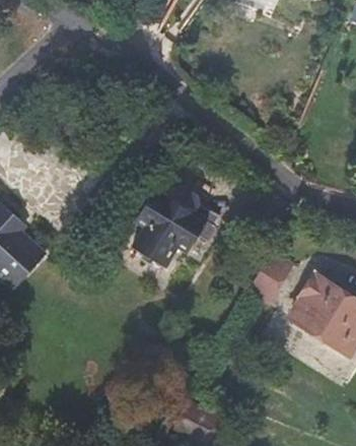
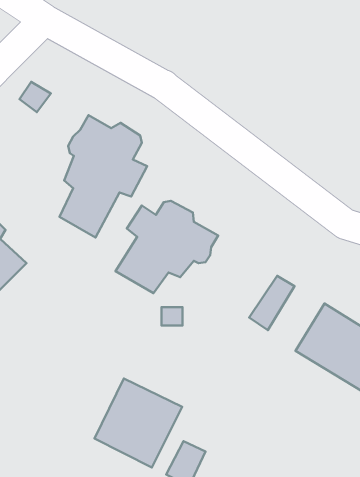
building: none -> [59,115,147,238]
building: none -> [94,379,182,468]

